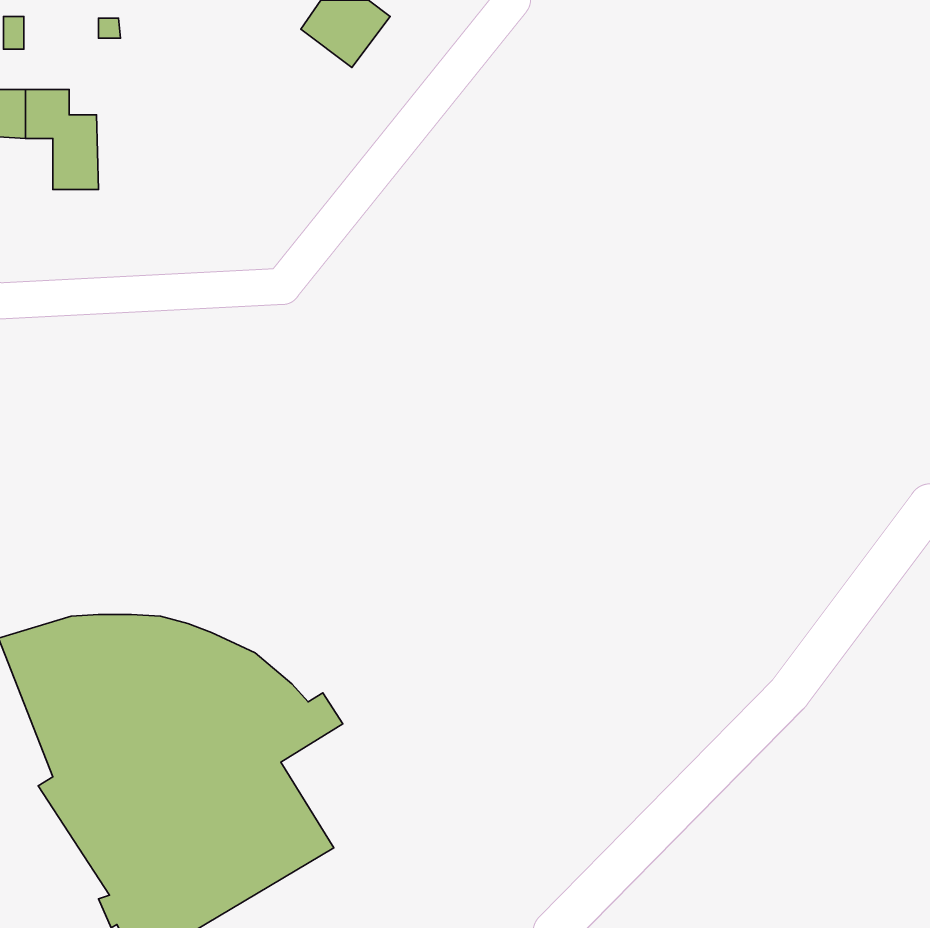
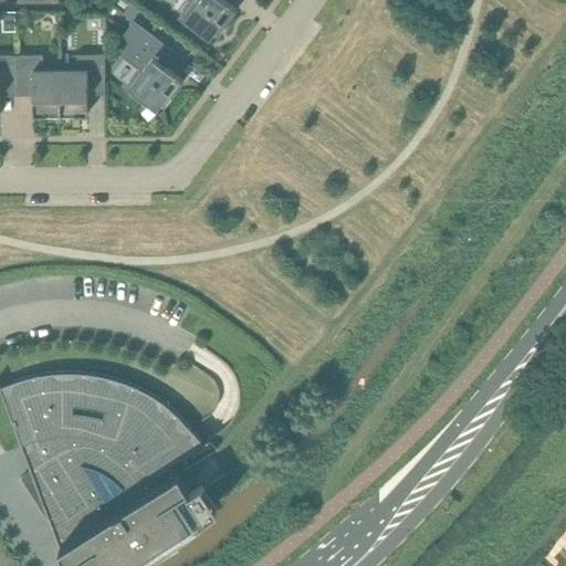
building: none -> [119,22,184,113]
building: none -> [59,56,104,117]

